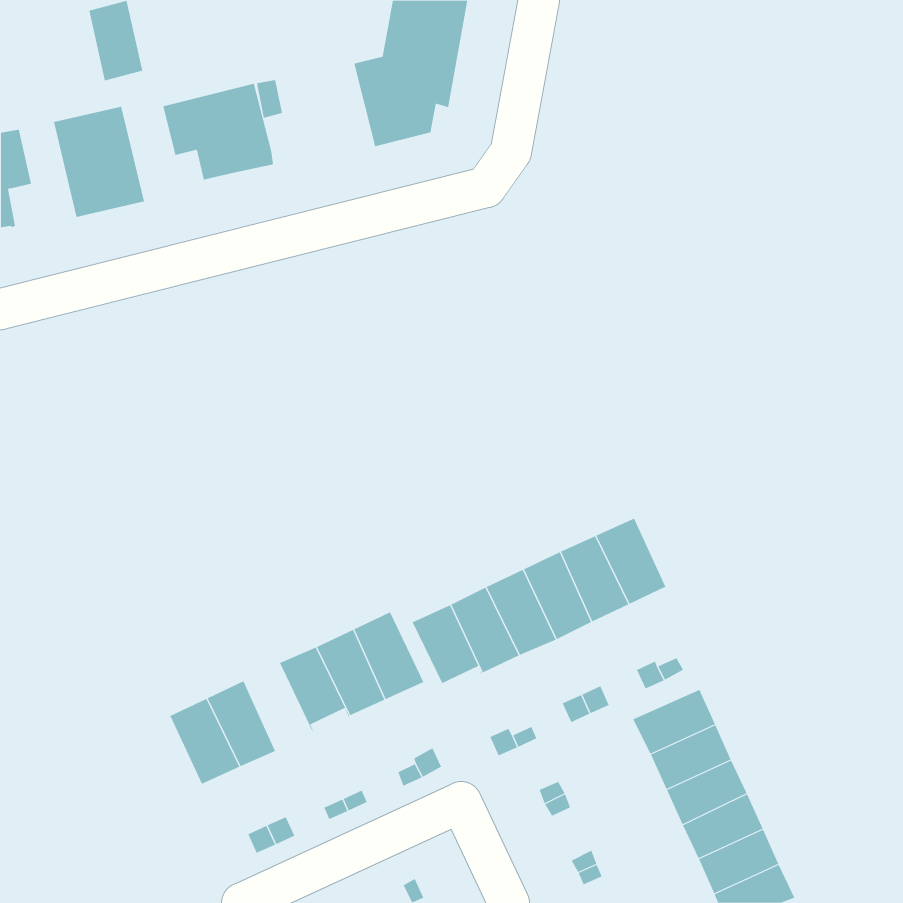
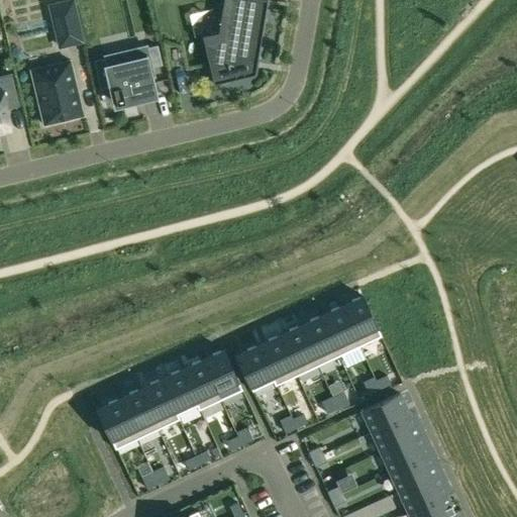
building: none -> [139,379,179,429]

